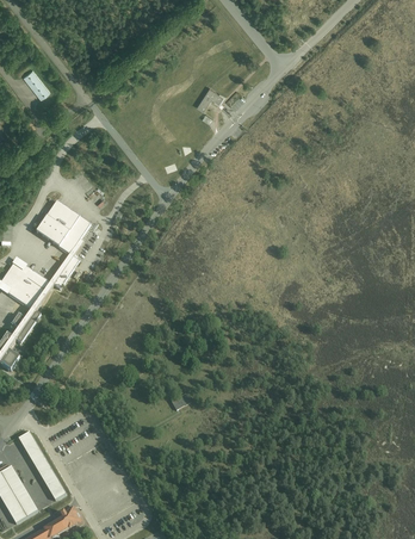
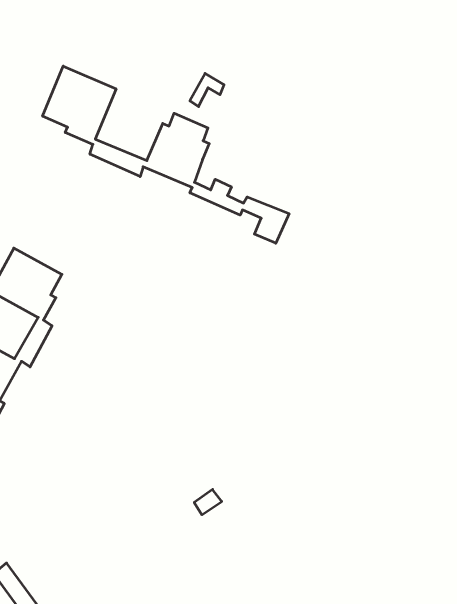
building: none -> [43,66,289,243]

